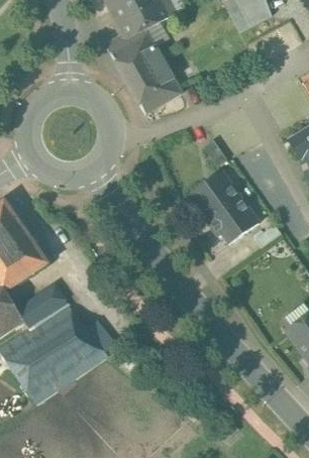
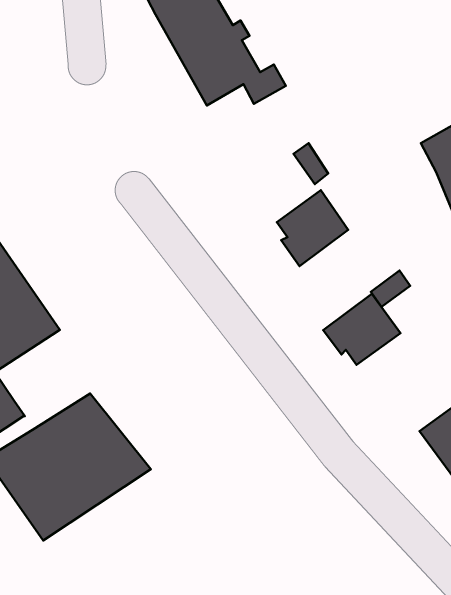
building: [207,196,259,243] -> [323,294,401,365]
building: [17,284,68,329] -> none

